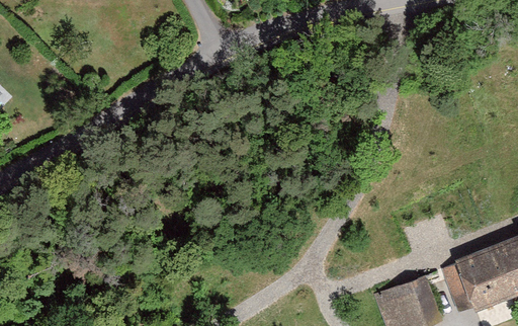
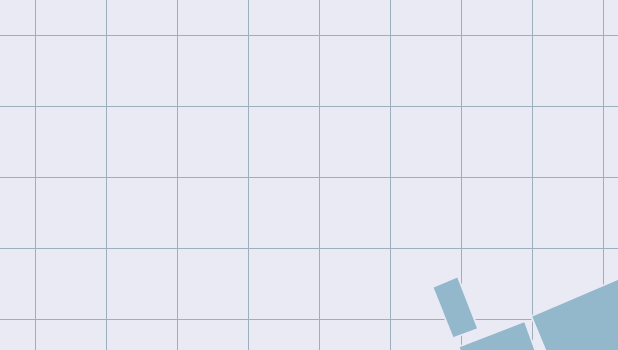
building: none -> [433,276,478,338]

